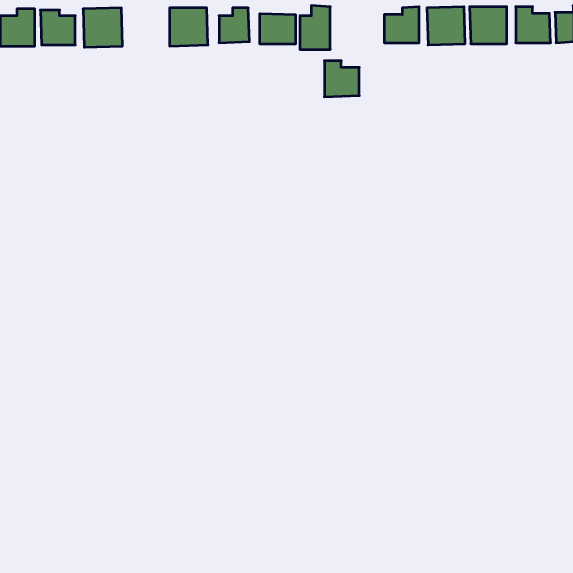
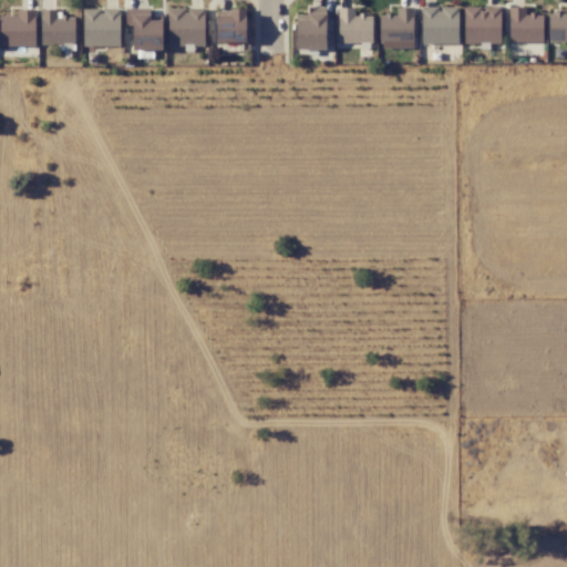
building: none -> [126,9,163,52]
building: [260,14,295,44] -> none
building: [324,61,359,97] -> [339,9,373,44]

